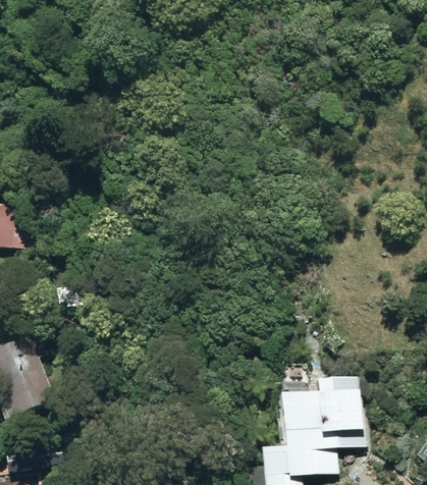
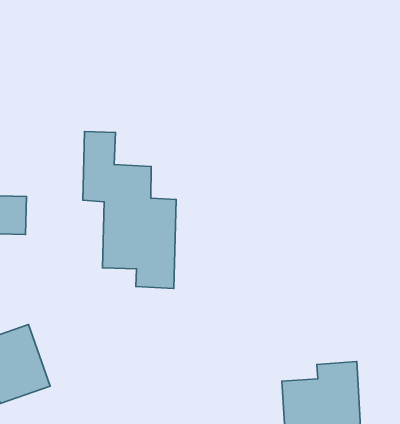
building: none -> [83,132,176,288]

